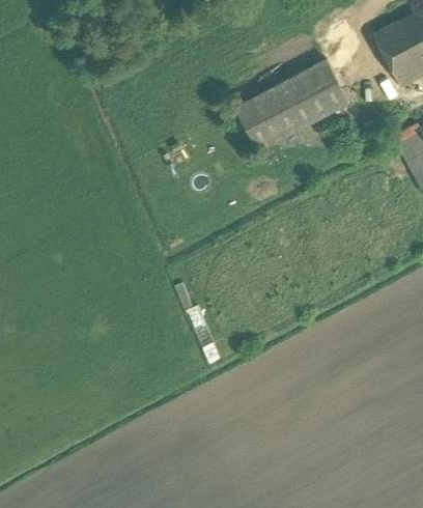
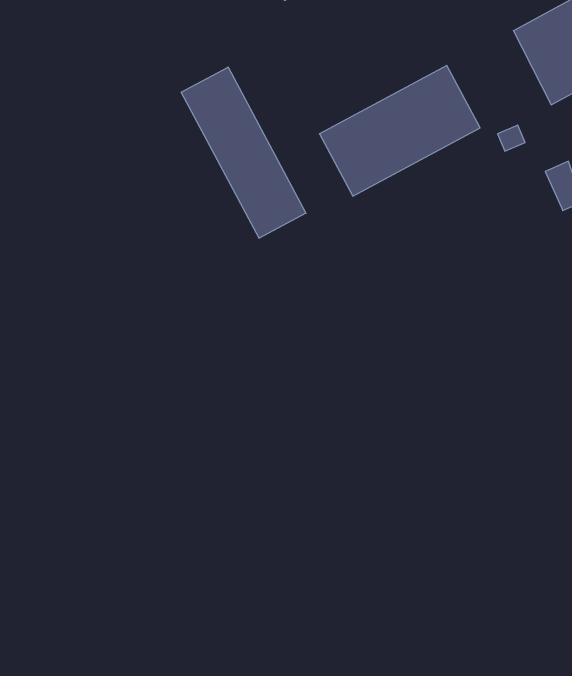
building: none -> [181,67,306,238]

